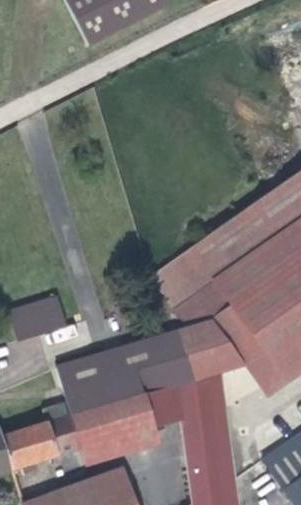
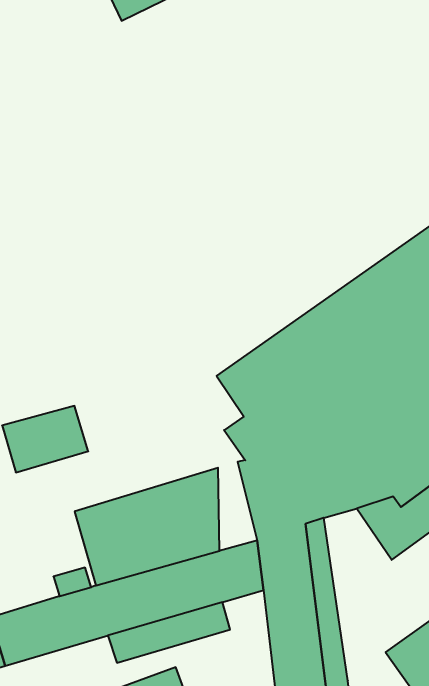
building: [152,333,178,392] -> none

